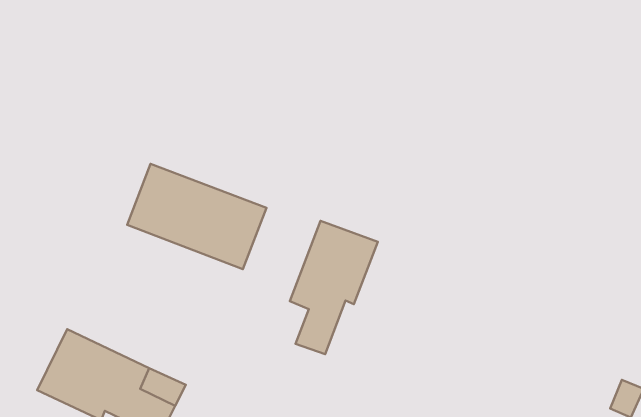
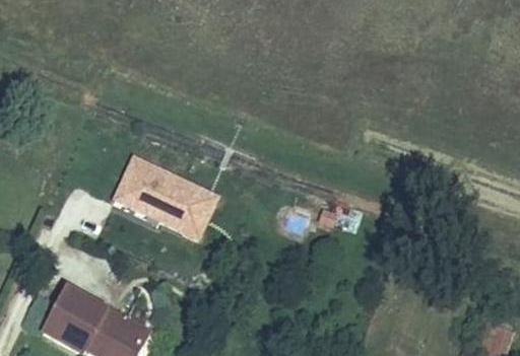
building: [290,221,378,354] -> none

